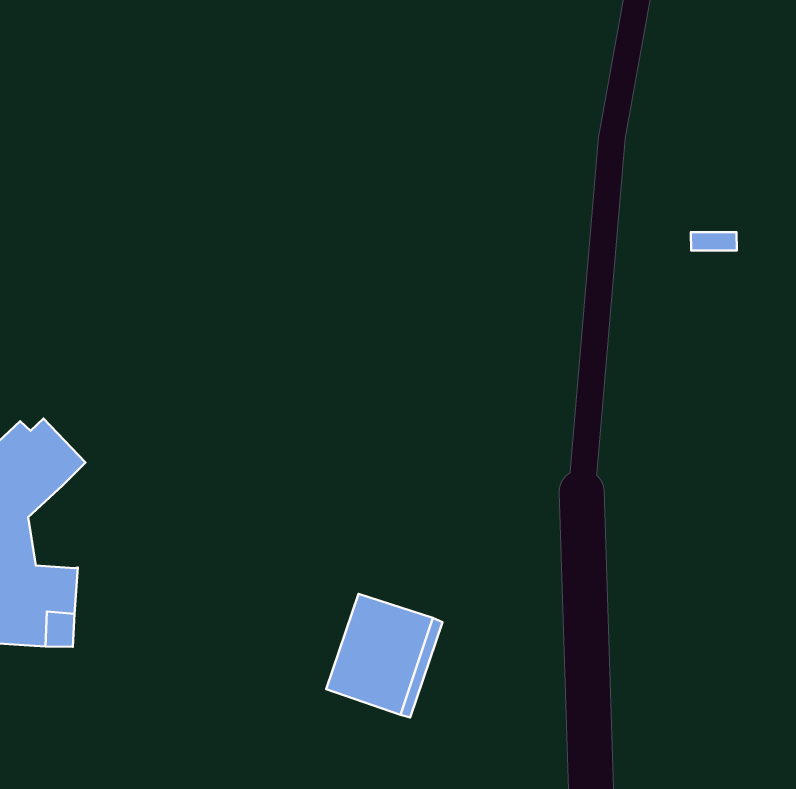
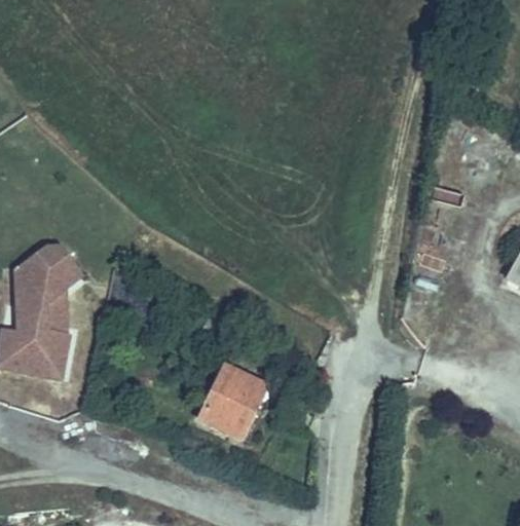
building: none -> [43,286,66,333]

